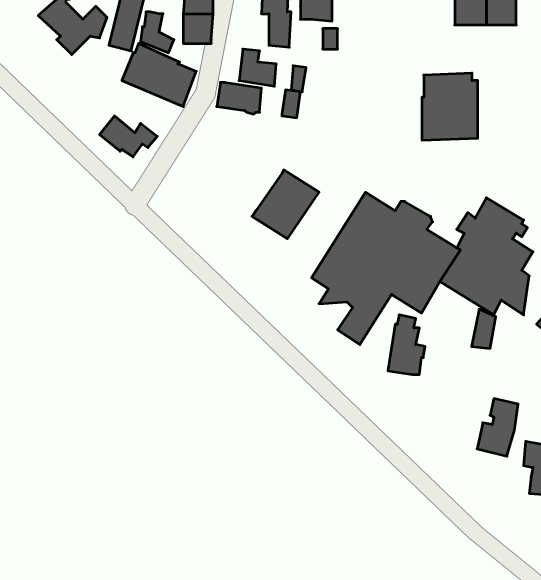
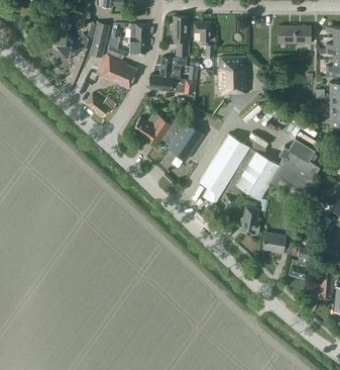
building: [422,73,478,140] -> [218,57,248,93]
building: none -> [131,112,184,147]
building: none -> [263,228,294,253]

